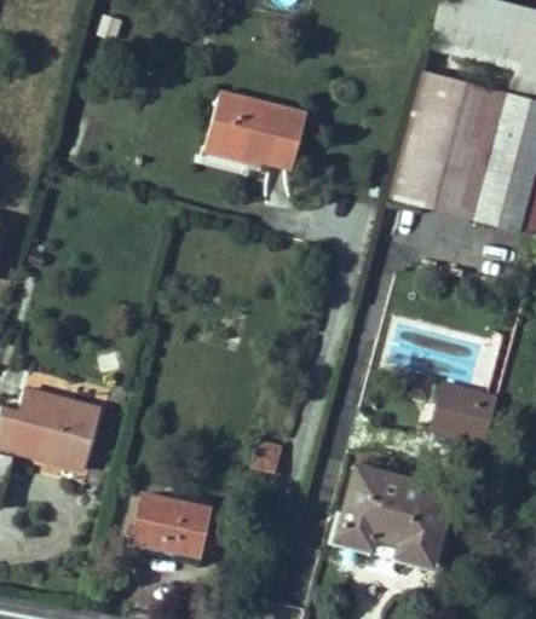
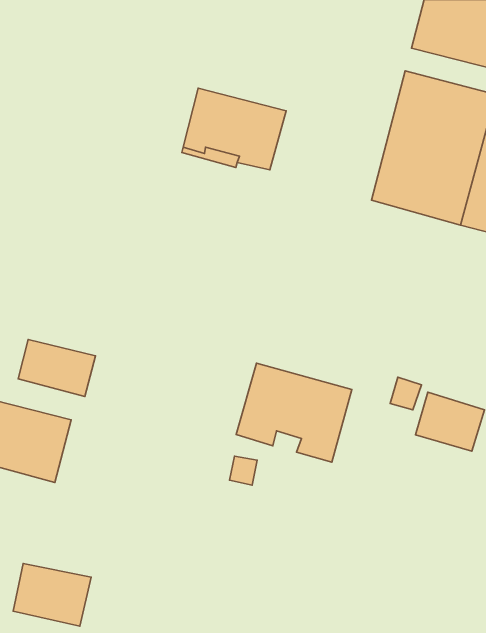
building: none -> [18,339,95,397]
building: [340,469,451,565] -> [236,363,352,462]
building: [136,494,211,555] -> [13,563,91,626]

